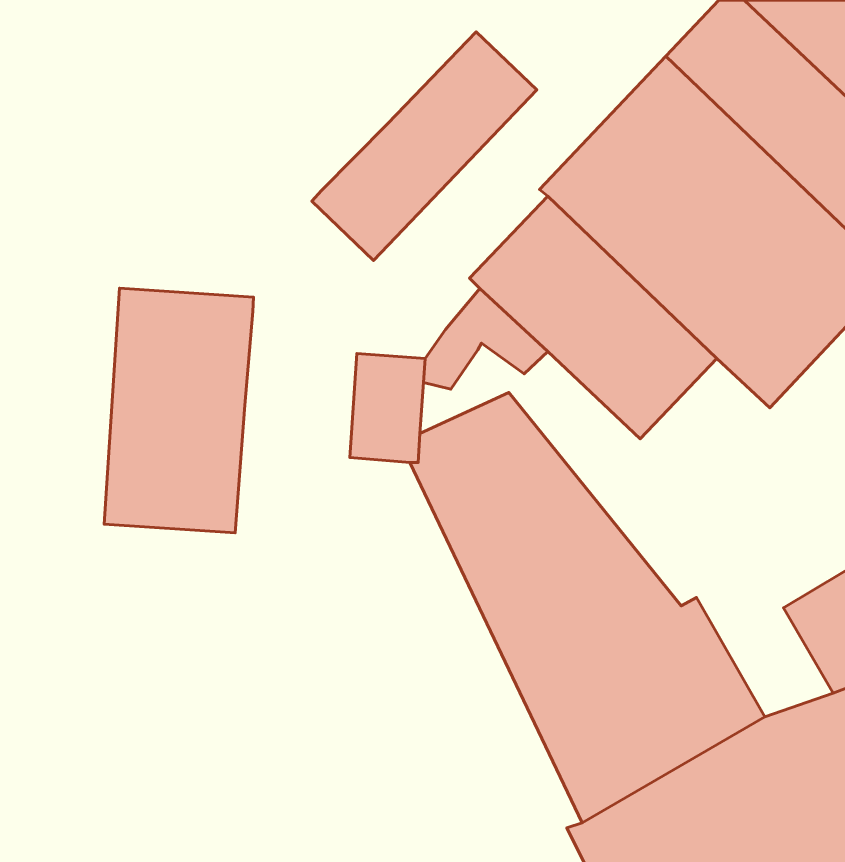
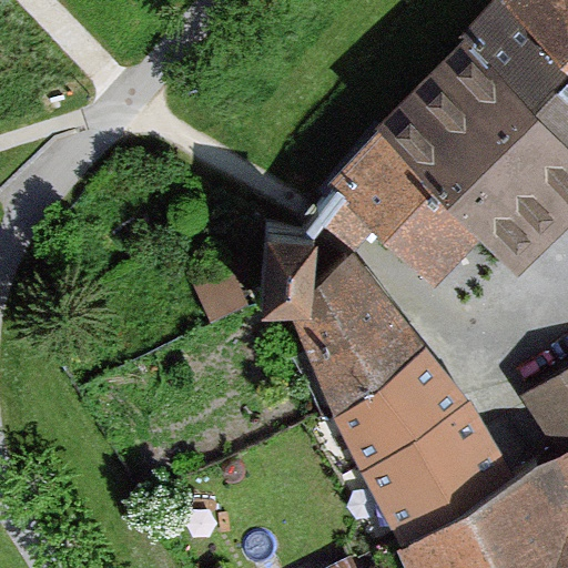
building: [312,32,537,260] -> none
building: [104,288,253,533] -> none

